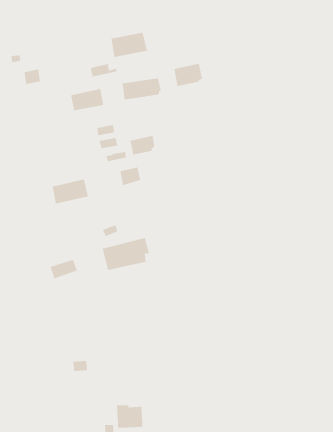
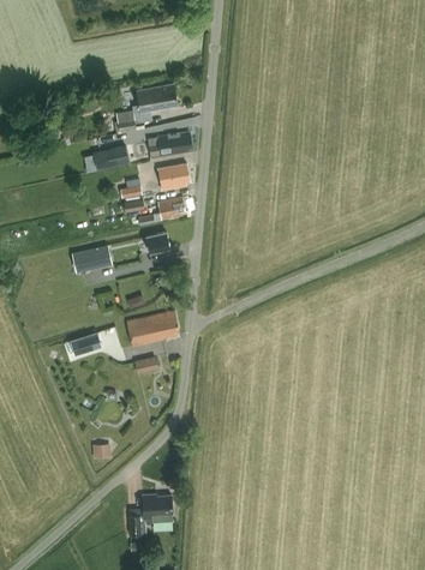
building: [173,63,203,87] -> [157,163,190,190]

